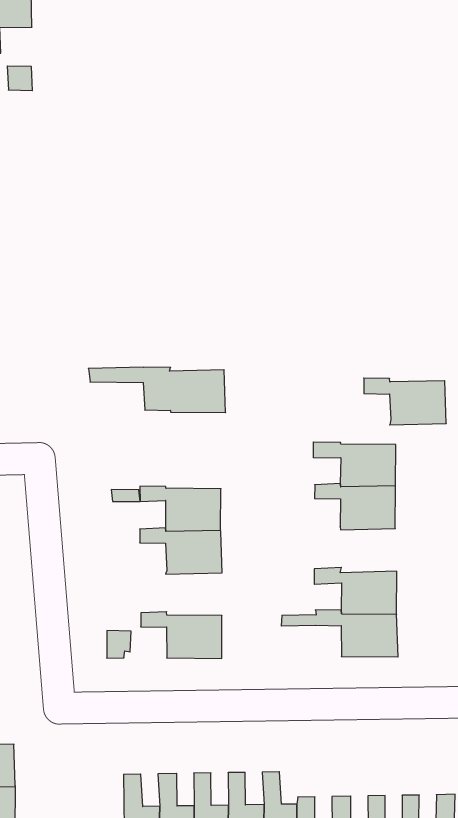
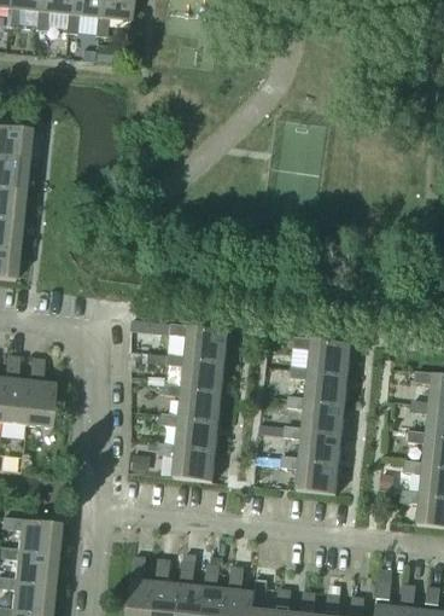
building: [88,367,226,413] -> [133,320,228,362]
building: [364,378,446,425] -> [287,396,345,435]
building: none -> [162,413,220,452]

